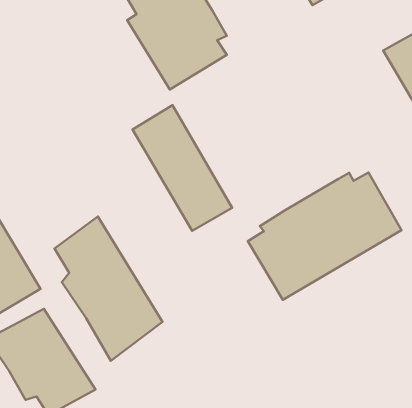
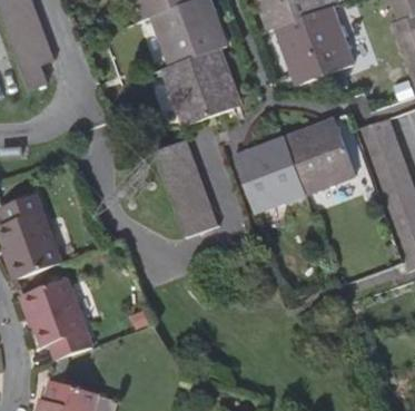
building: [248,172,402,300] -> [239,125,357,213]
building: [54,216,162,361] -> none

